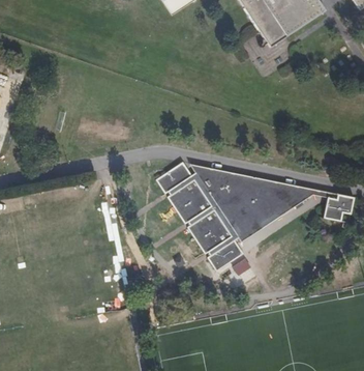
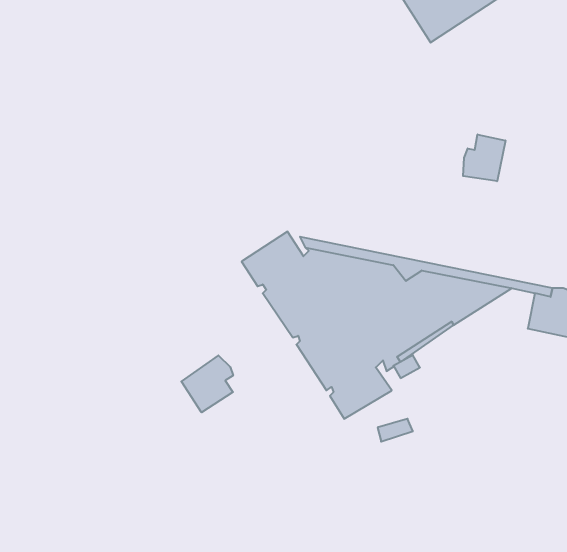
building: none -> [463,134,505,181]
building: none -> [181,355,233,412]

